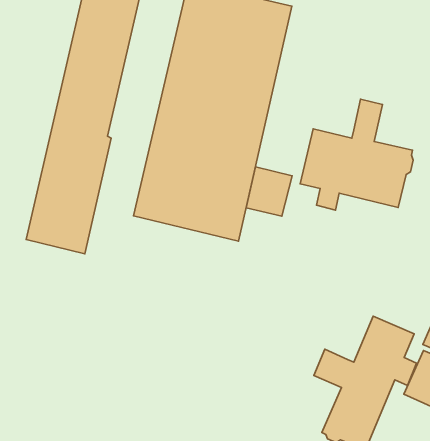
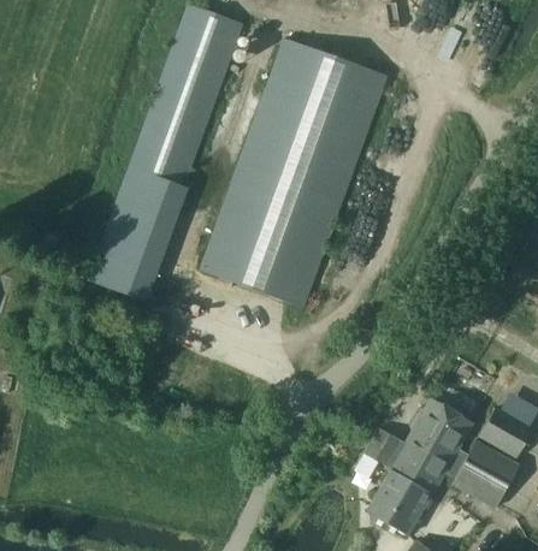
building: [300,99,413,210] -> none
building: [246,167,292,216] -> none

